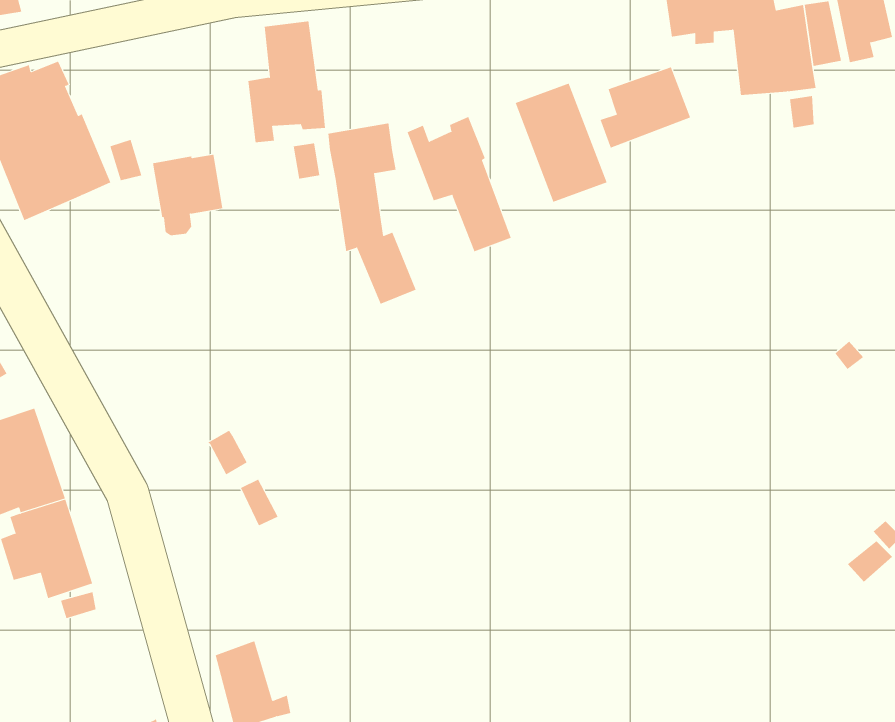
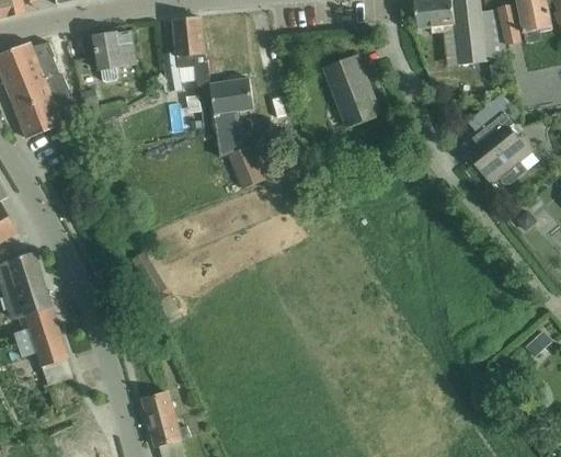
building: [600,66,691,148] -> none
building: [407,116,511,252] -> none
building: [152,154,223,236] -> [92,31,135,80]
building: none -> [468,111,531,183]

